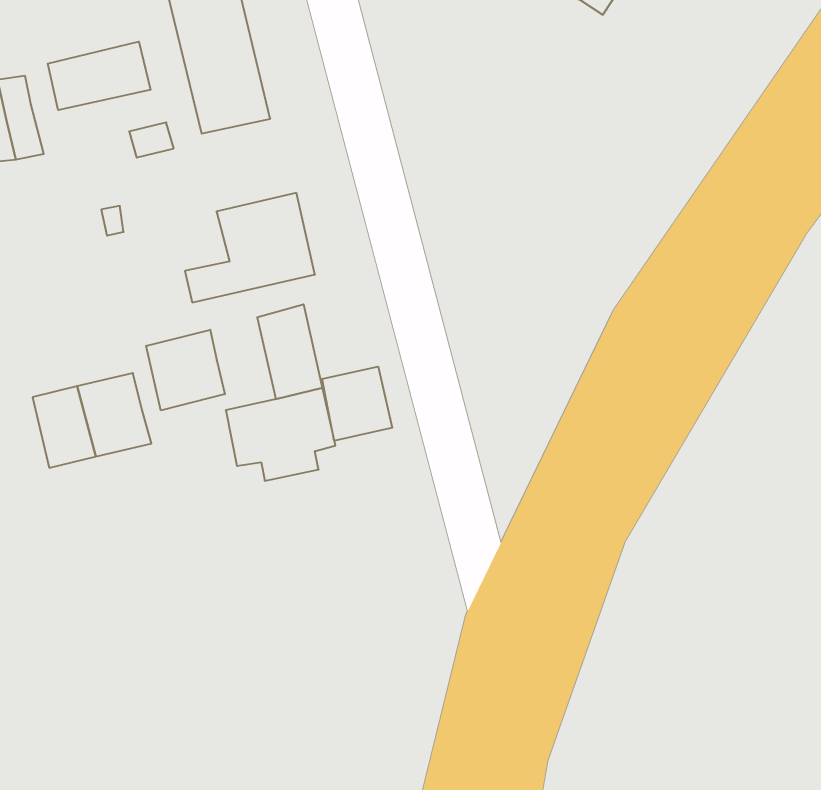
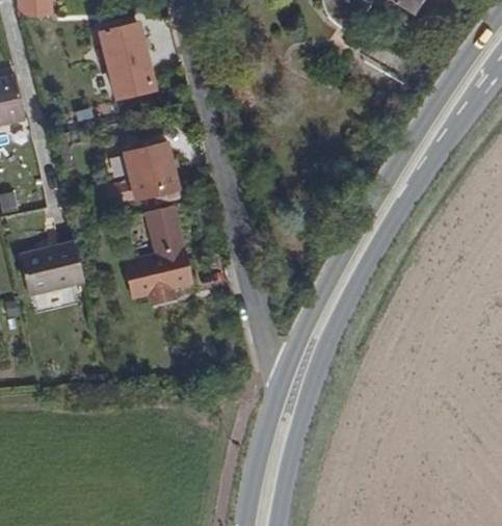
building: [48,42,150,110] -> none
building: [146,330,225,410] -> none
building: [322,367,392,441] -> none

